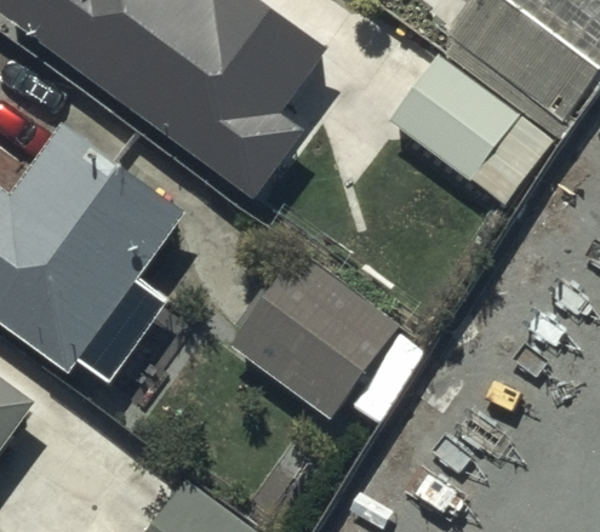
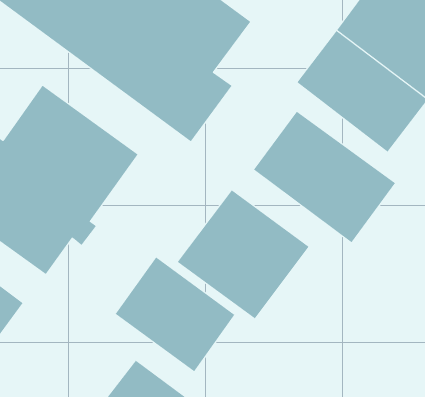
building: none -> [253,111,396,243]
building: none -> [115,256,235,372]

